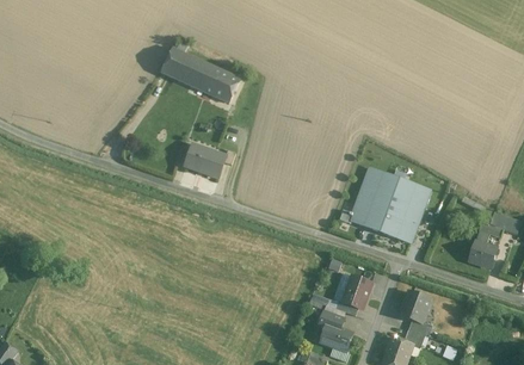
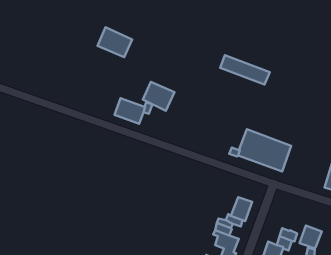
building: [197,63,240,103] -> [143,82,175,111]
building: [363,167,430,206] -> [220,55,270,85]
building: [400,290,430,321] -> [300,225,322,248]

